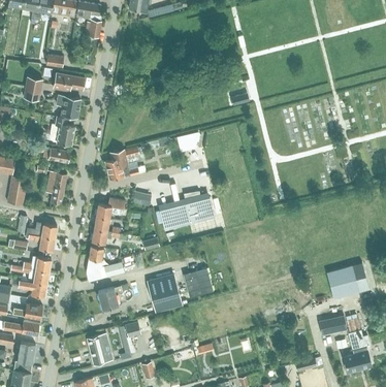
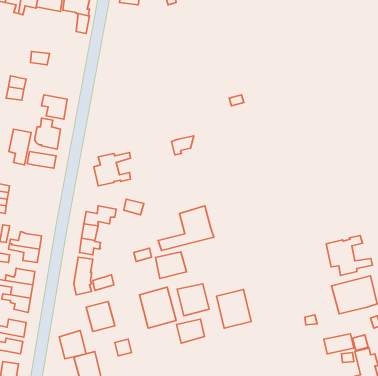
building: [53,72,84,90] -> none
building: [45,170,66,203] -> [9,129,31,165]
building: [160,204,189,229] -> [155,252,186,278]
building: none -> [326,235,372,275]
building: none -> [217,290,251,328]
building: none -> [177,319,205,343]
building: none -> [59,331,86,359]

